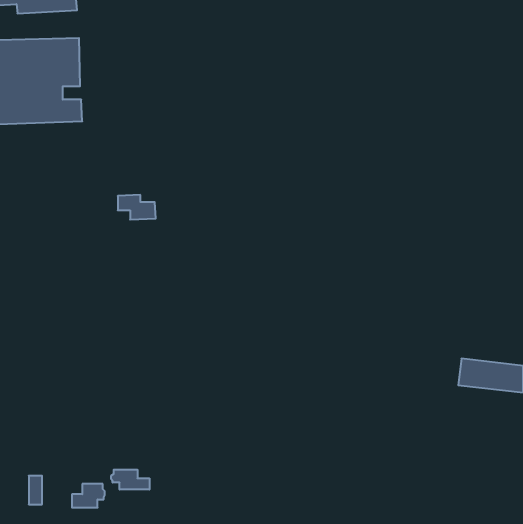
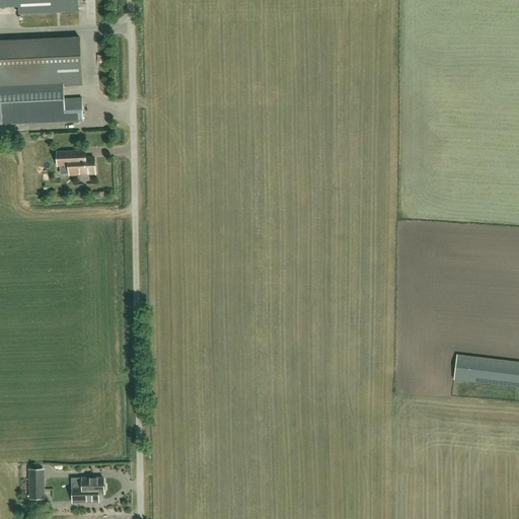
building: [118,195,156,220] -> [56,150,93,174]
building: [111,470,149,490] -> none

